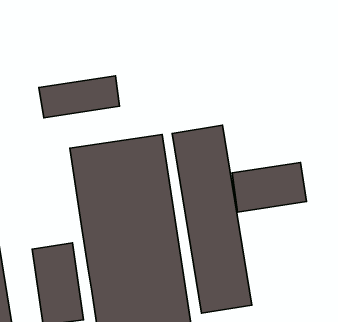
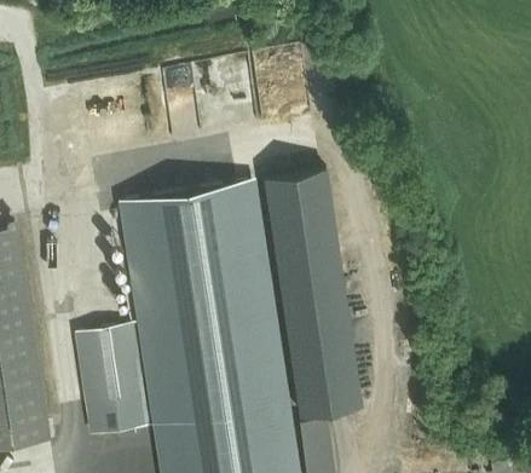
building: [39,76,119,118] -> none
building: [232,163,307,212] -> none

